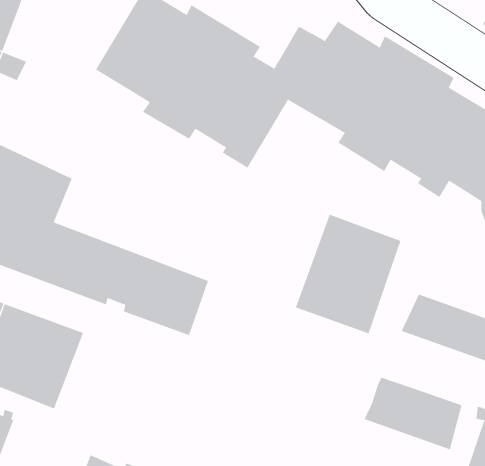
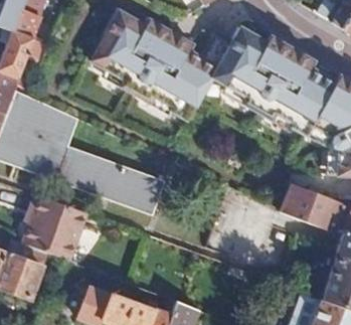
building: [295,214,401,334] -> none
building: [364,377,462,450] -> none

